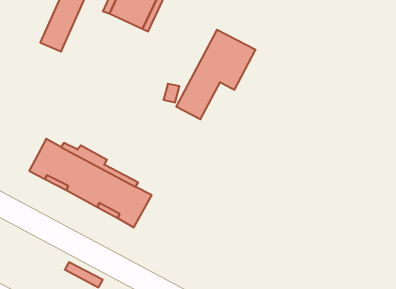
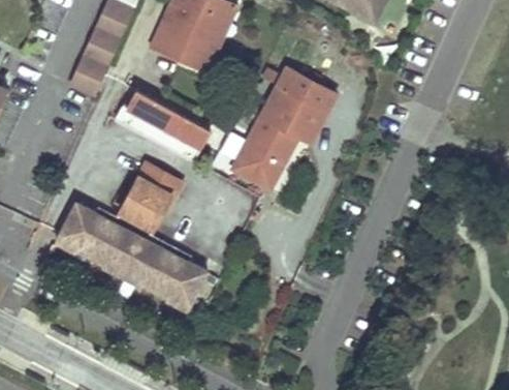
building: none -> [118,88,214,161]
building: none -> [232,133,299,192]
building: none -> [120,162,182,229]

